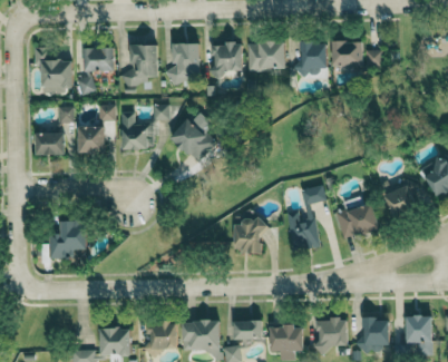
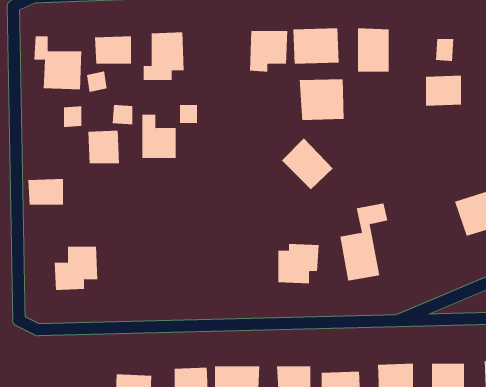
building: [332,41,362,67] -> [425,75,462,106]
building: [167,43,199,85] -> none
building: none -> [299,78,344,121]
building: [169,118,213,162] -> [281,138,334,190]
building: [35,133,65,155] -> [27,178,64,205]
building: [334,197,380,241] -> none

